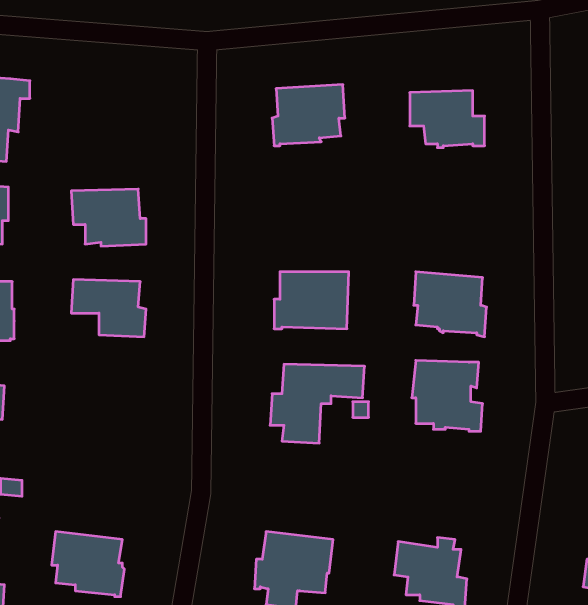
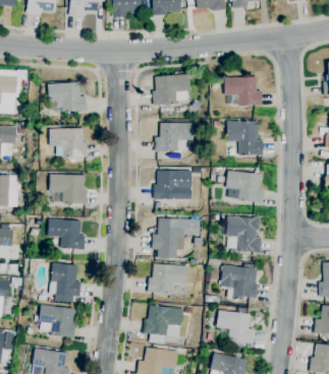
building: none -> [47,81,88,112]
building: none -> [226,120,264,155]
building: none -> [155,122,194,151]
building: none -> [47,219,86,249]
building: none -> [49,262,81,301]
building: none -> [148,263,188,293]
building: none -> [220,263,259,300]

